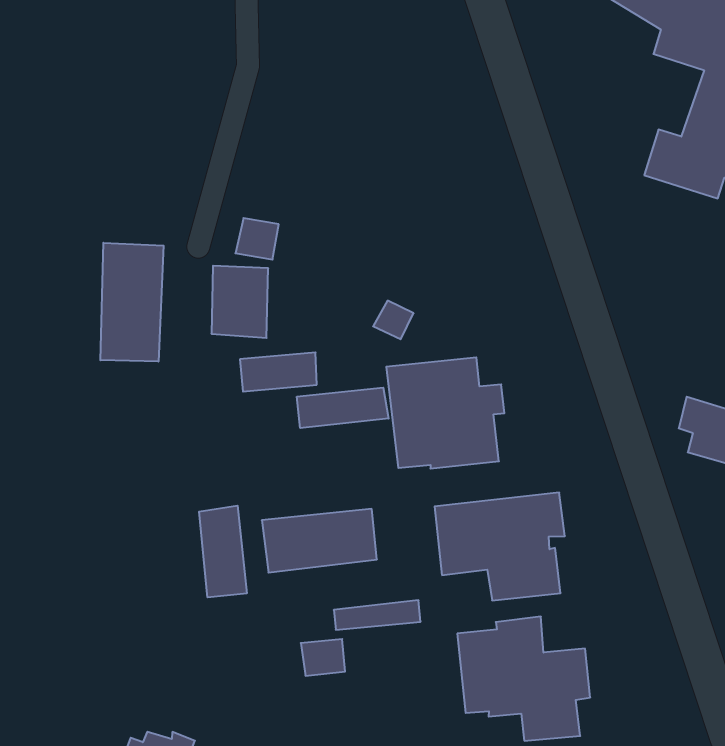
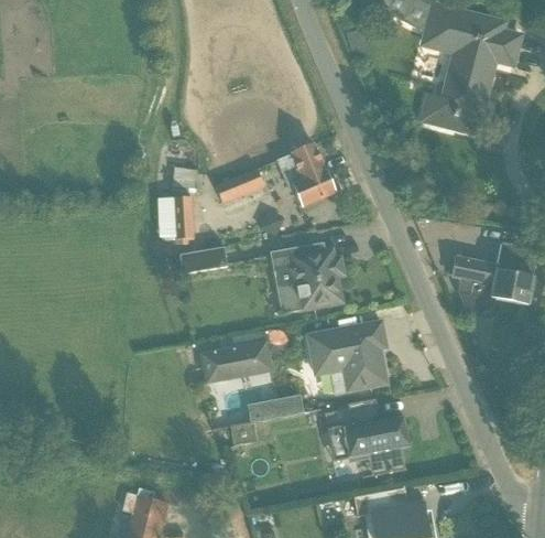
building: none -> [277,143,337,206]
building: none -> [217,166,265,203]
building: [100,243,164,362] -> none
building: [297,388,389,428] -> none
building: [199,506,247,597] -> none

